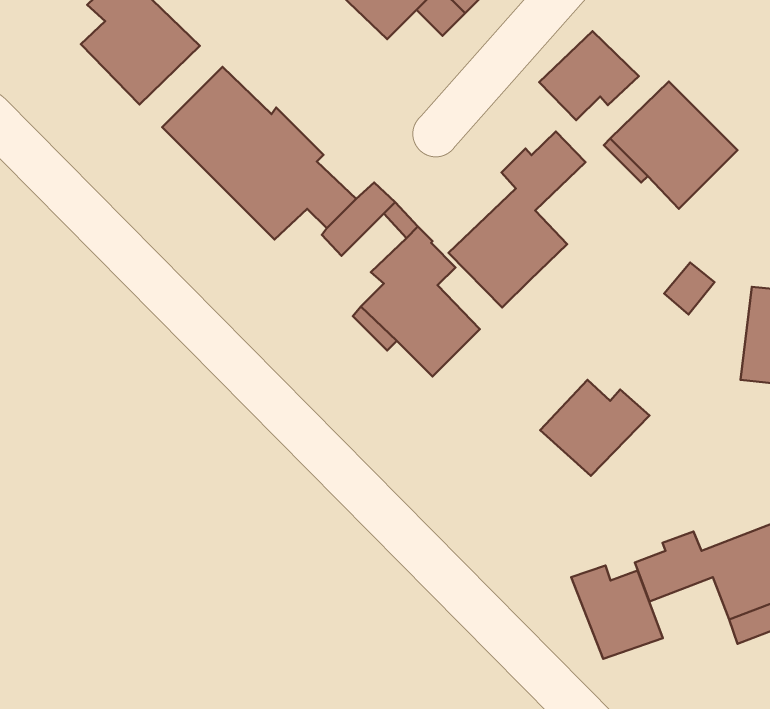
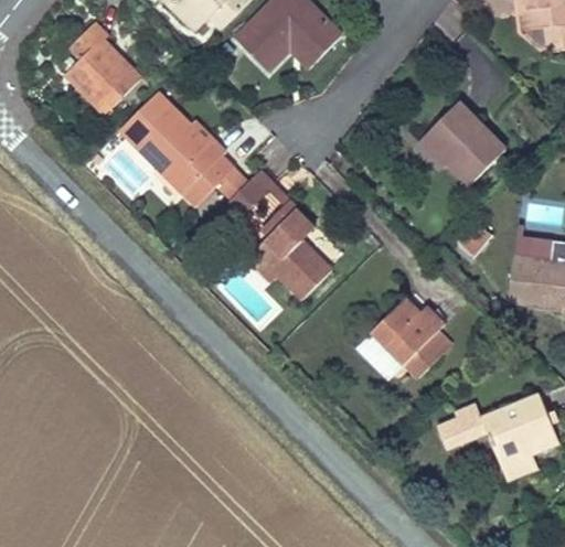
building: [539,31,639,120] -> none
building: [449,131,586,308] -> none
building: [571,565,663,659] -> none

